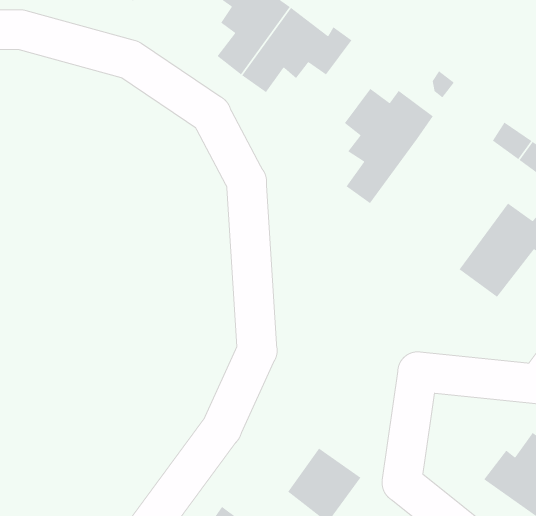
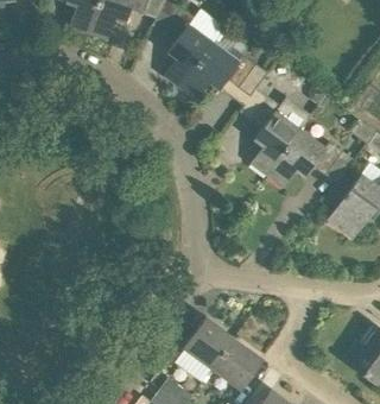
building: none -> [267,131,342,187]
building: none -> [183,317,233,368]

